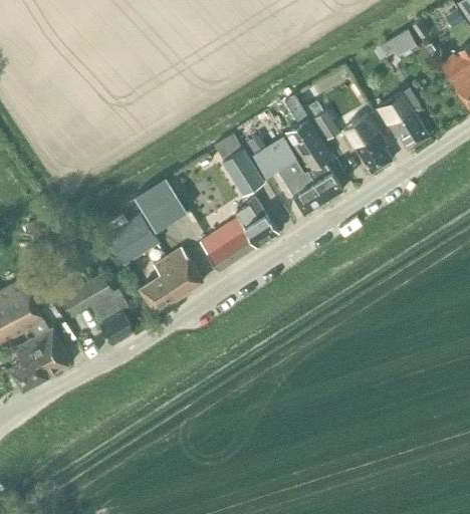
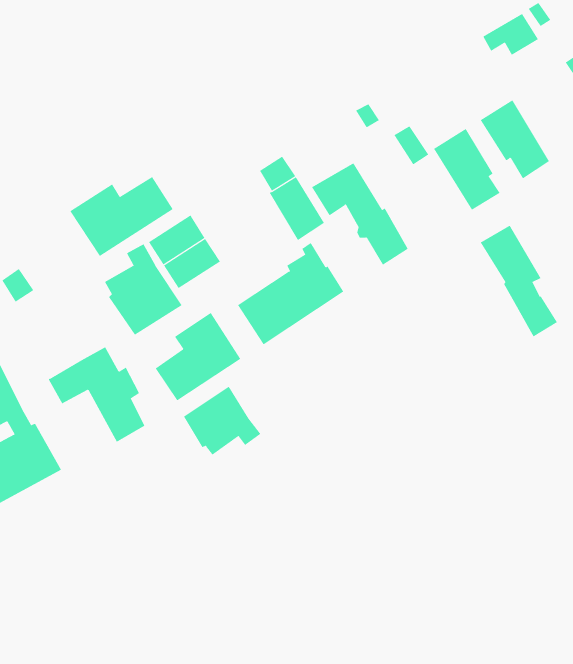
building: [285,118,342,201] -> [480,225,558,337]
building: none -> [70,176,173,257]
building: none -> [183,386,261,455]

